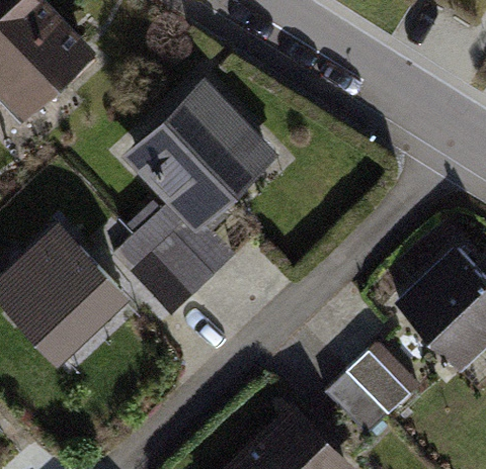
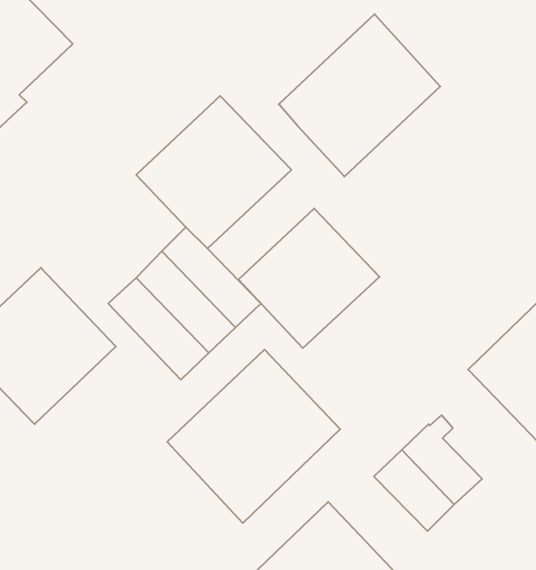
building: none -> [279,14,440,177]
building: none -> [239,208,380,348]
building: none -> [167,350,340,523]

